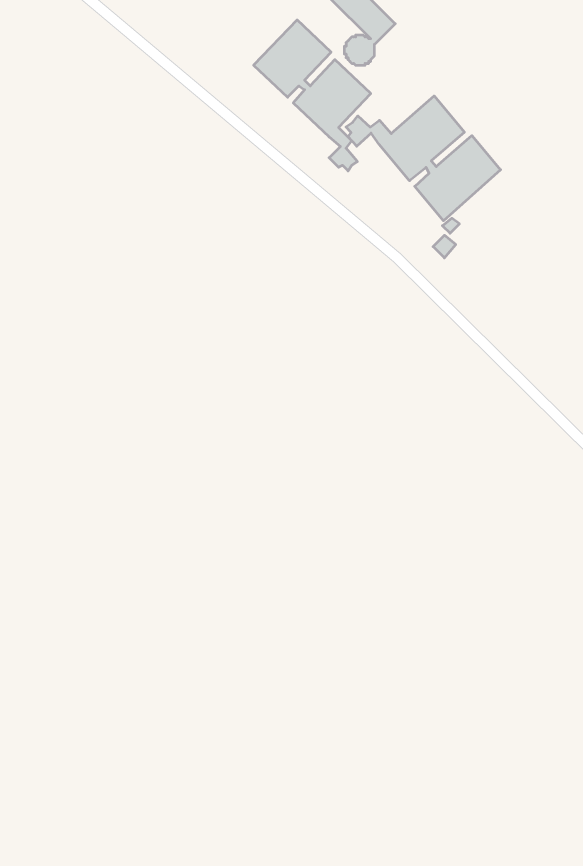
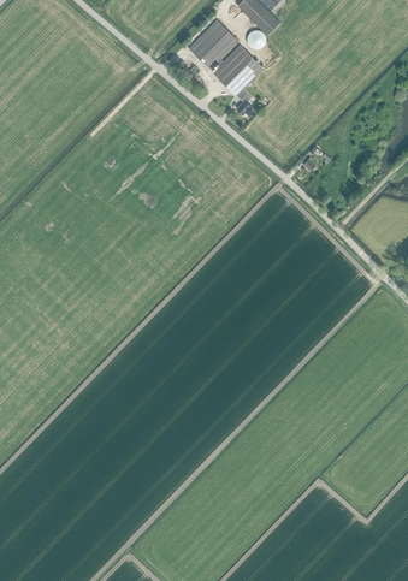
building: [346,96,501,221] -> none

